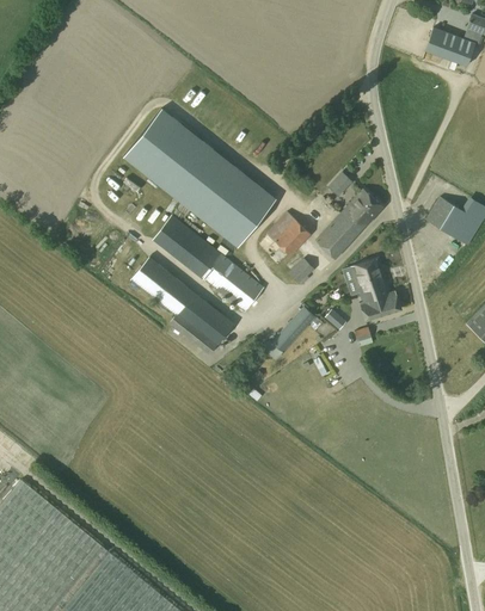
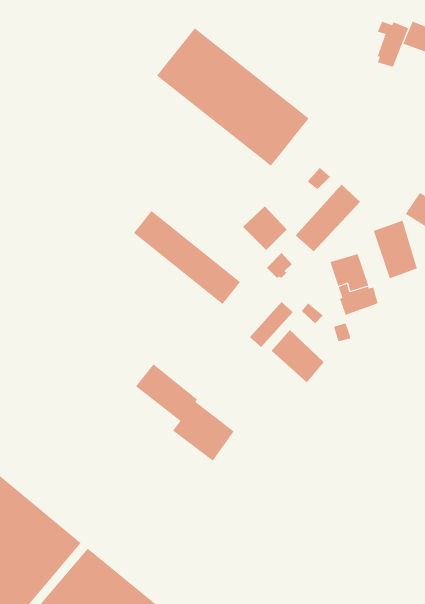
building: none -> [377,21,409,68]
building: [123,109,276,247] -> [156,28,309,166]
building: none -> [373,220,417,279]
building: [133,258,232,356] -> [135,363,235,462]
building: none -> [271,329,325,383]

